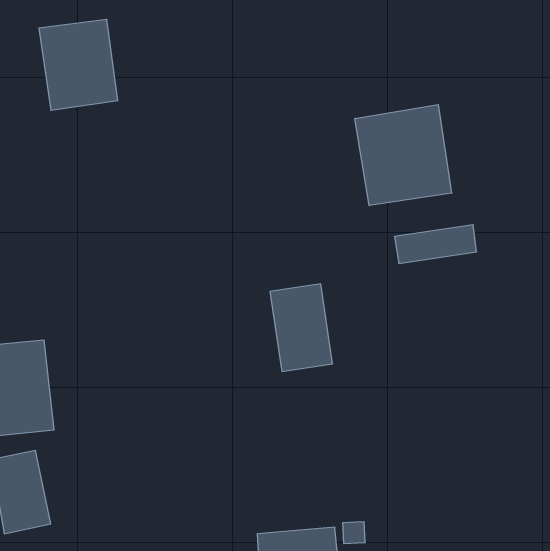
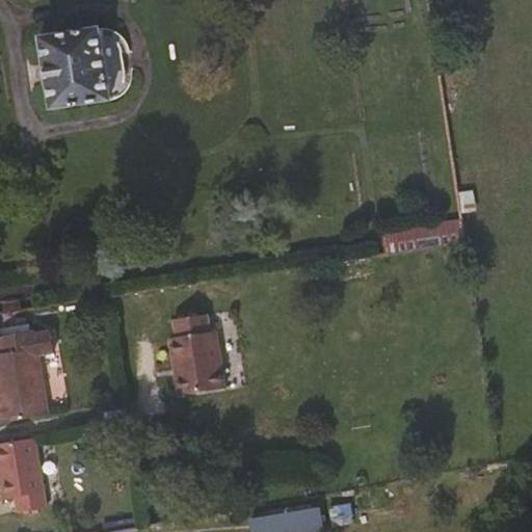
building: [355,105,452,206] -> none
building: [270,284,333,371] -> [165,311,225,395]

